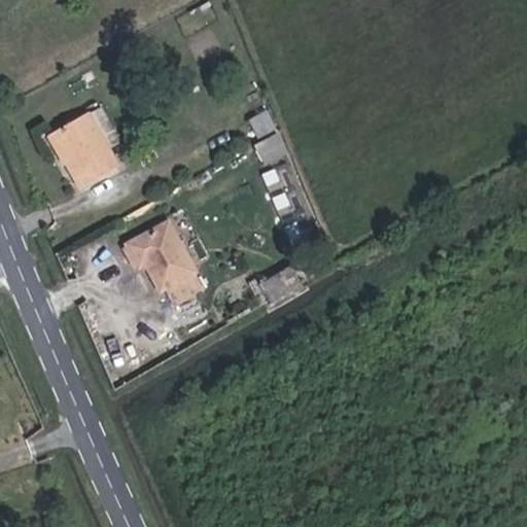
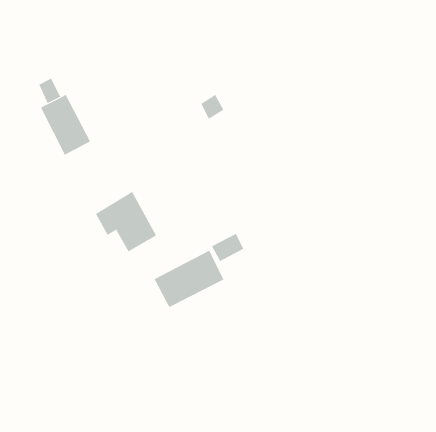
building: none -> [154,250,224,308]

